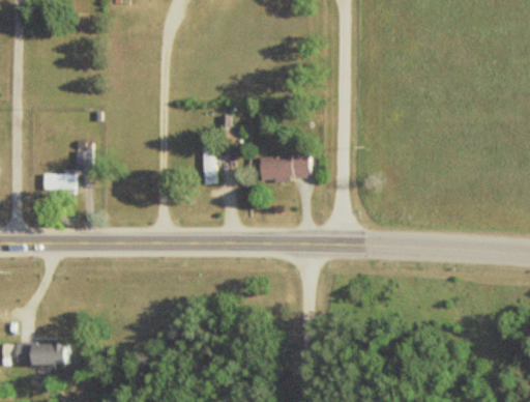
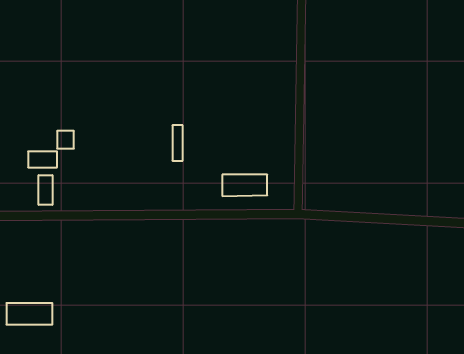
building: [260,156,310,180] -> [222,175,267,196]
building: none -> [39,175,52,205]

